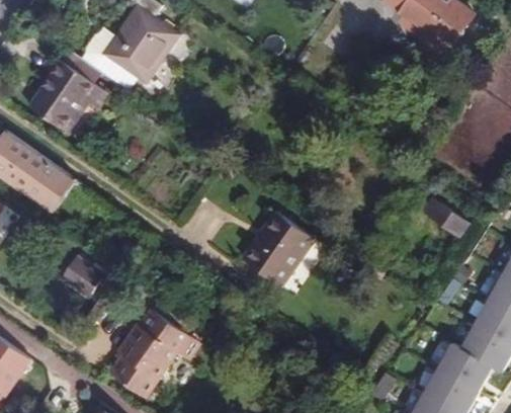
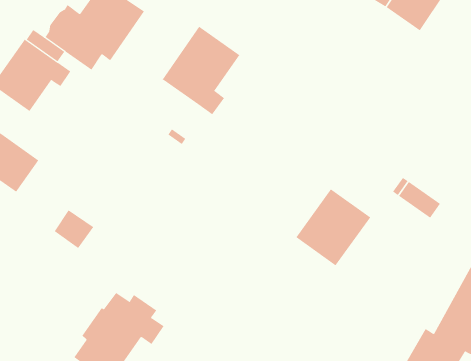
building: none -> [162,26,240,115]
building: [241,211,315,286] -> [295,188,371,266]
building: [61,257,100,296] -> [54,209,94,249]

